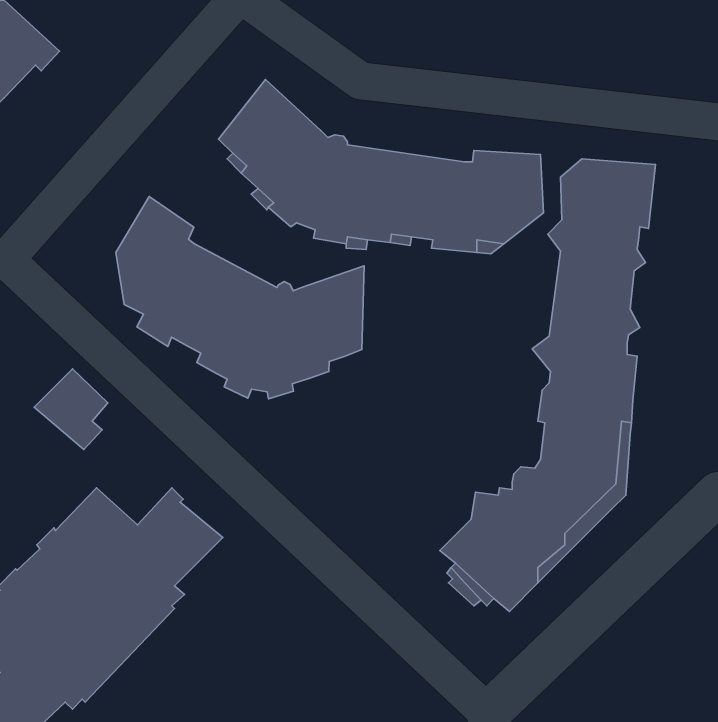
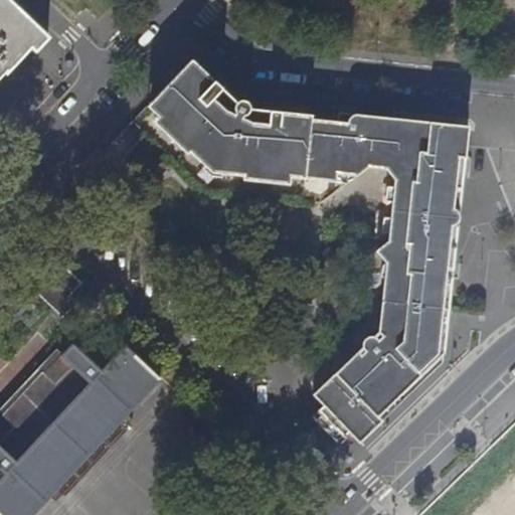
building: [116,196,364,399] -> none

